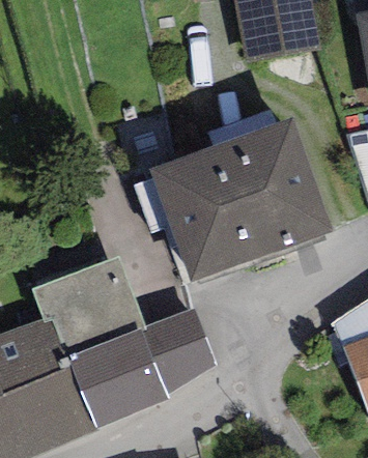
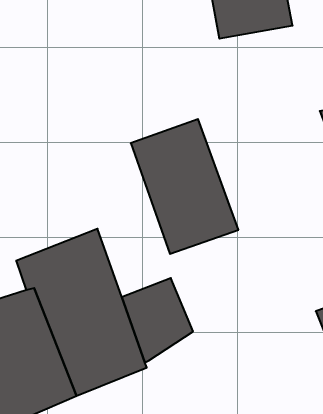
building: [220,118,331,257] -> none

